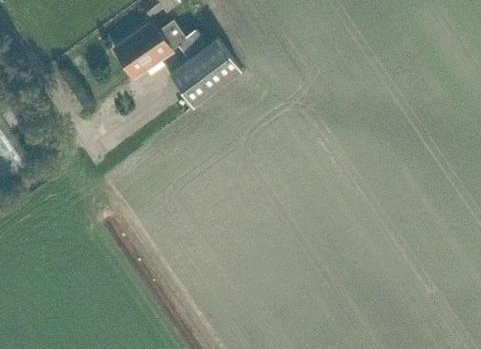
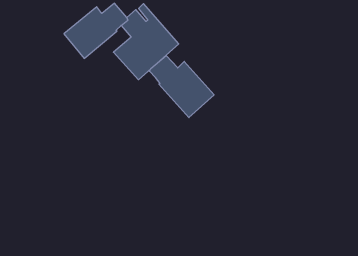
building: none -> [149,55,214,118]

